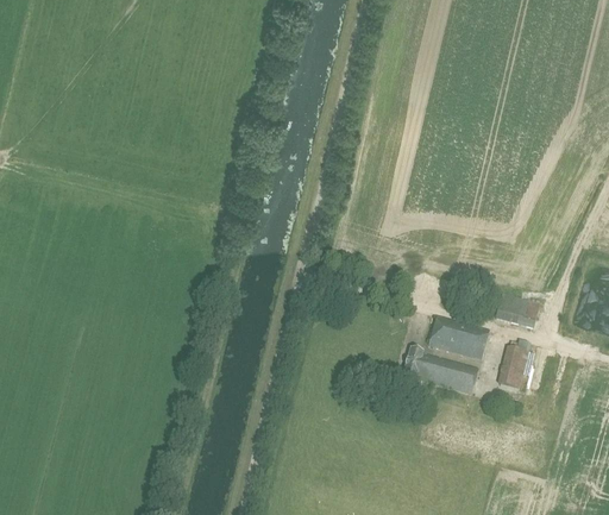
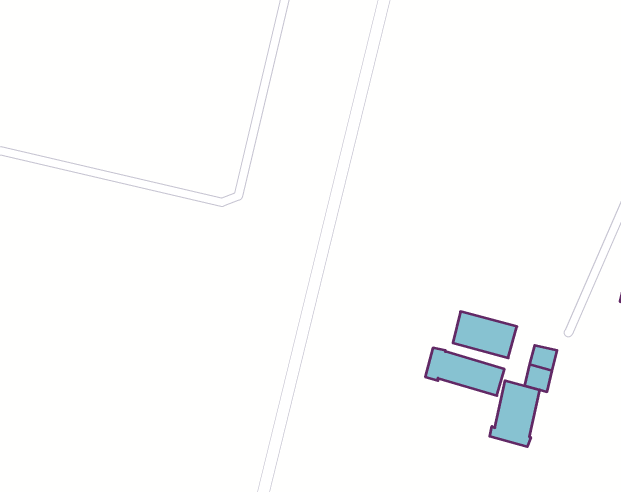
building: [510,297,539,327] -> none
building: none -> [490,381,540,447]

